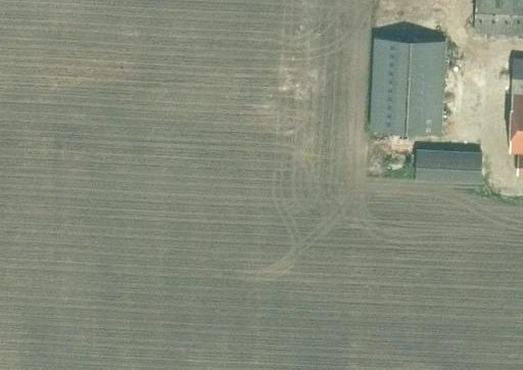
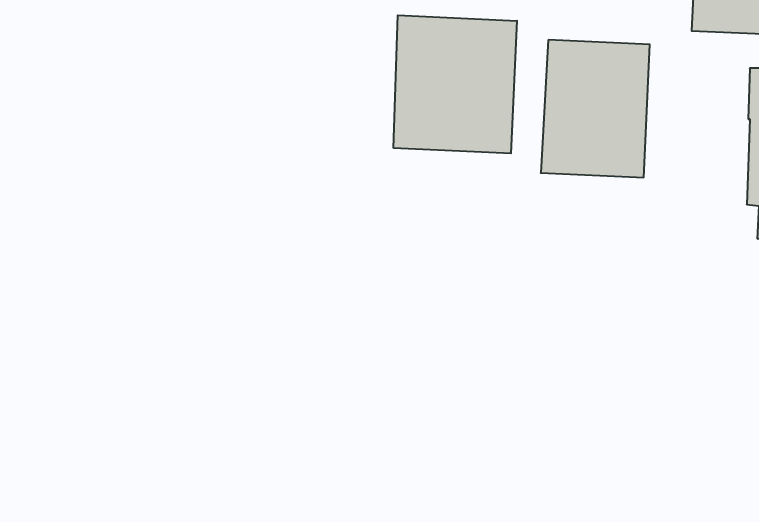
building: none -> [394,15,517,153]
building: [418,150,480,182] -> none

